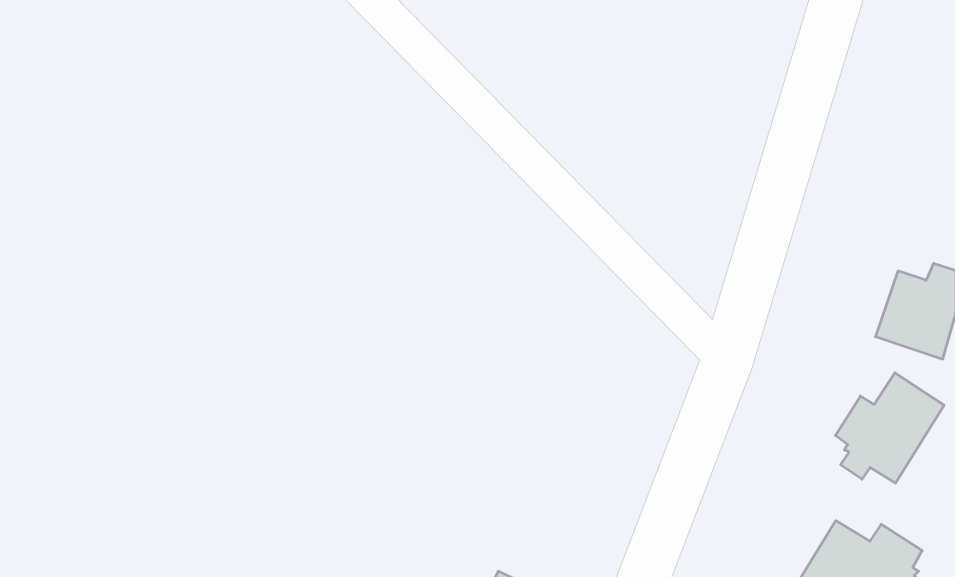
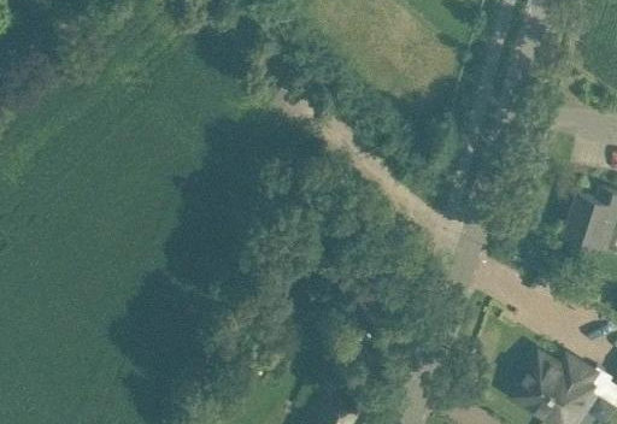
building: [835,373,944,483] -> none

